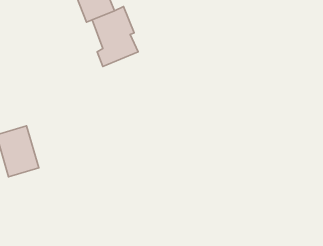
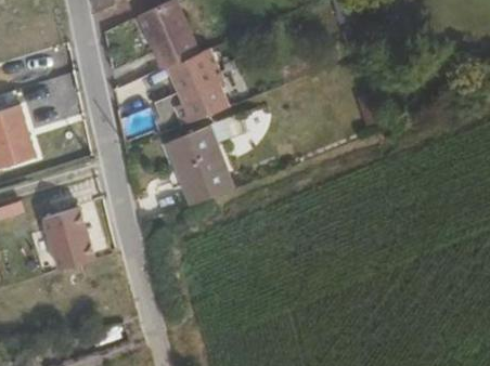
building: none -> [165,129,232,207]

